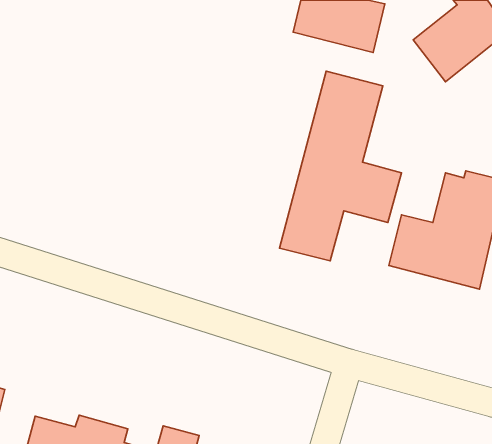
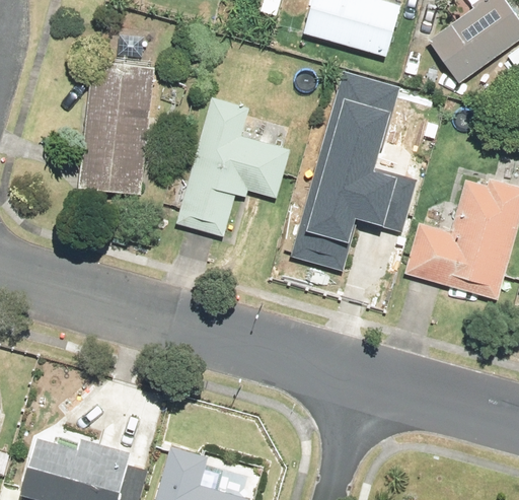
building: none -> [78,63,153,197]
building: none -> [175,96,291,238]

